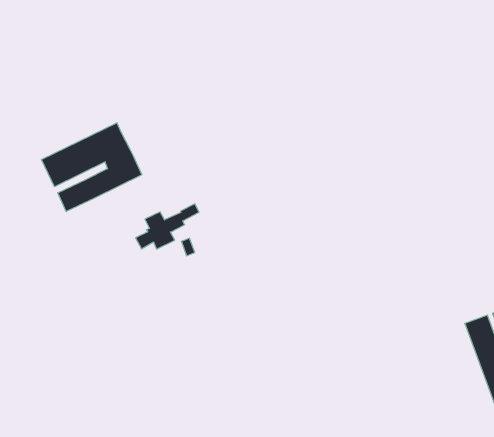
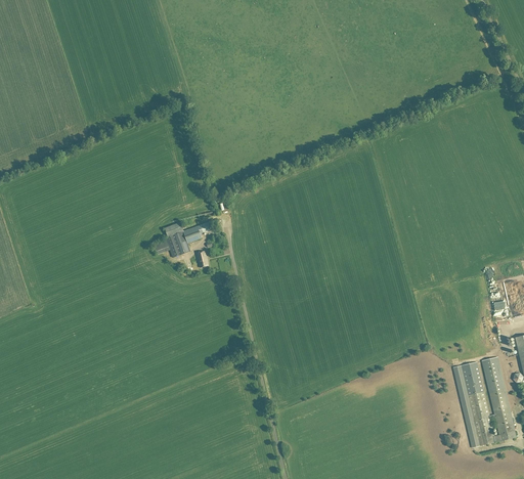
building: [41,123,142,212] -> none

